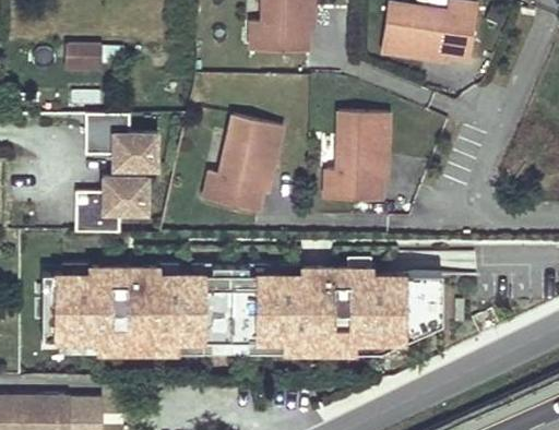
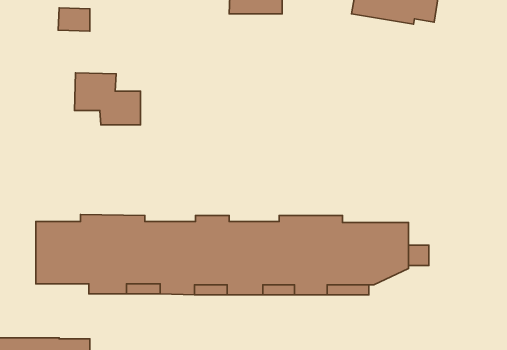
building: [325,110,390,200] -> none
building: [201,117,283,214] -> none
building: [74,178,145,234] -> none

